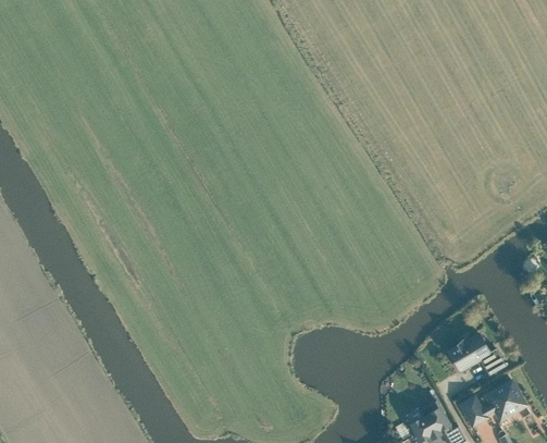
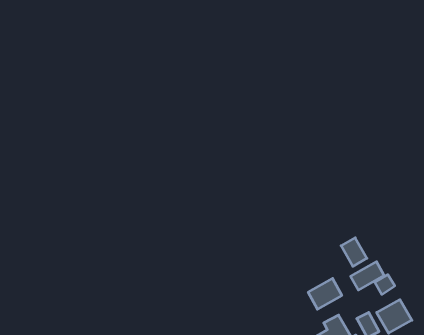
building: none -> [341,238,367,266]
building: none -> [308,278,342,309]

